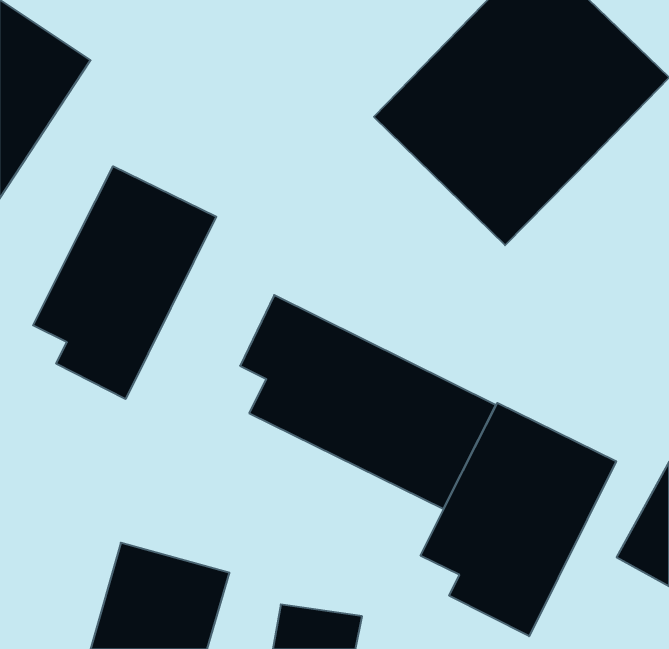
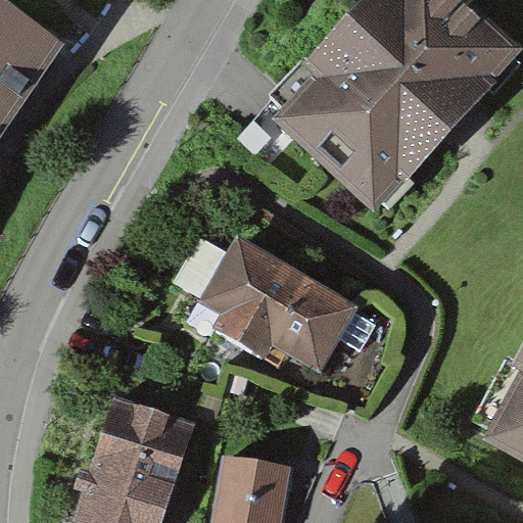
building: [33,166,216,399] -> none
building: [421,403,616,636] -> none

